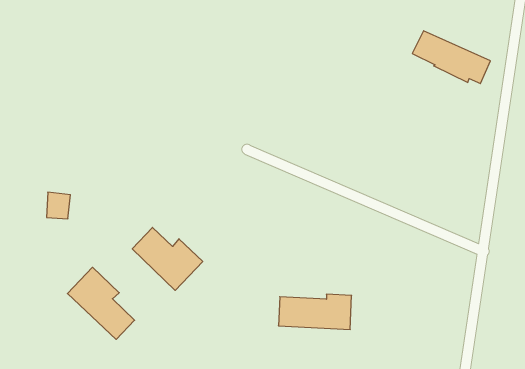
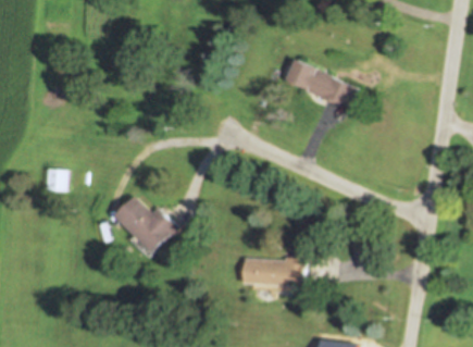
building: [412,31,490,84] -> [284,59,351,104]
building: [67,267,135,339] -> none

